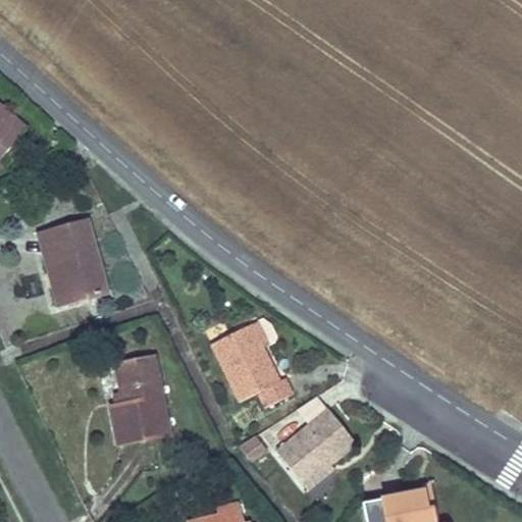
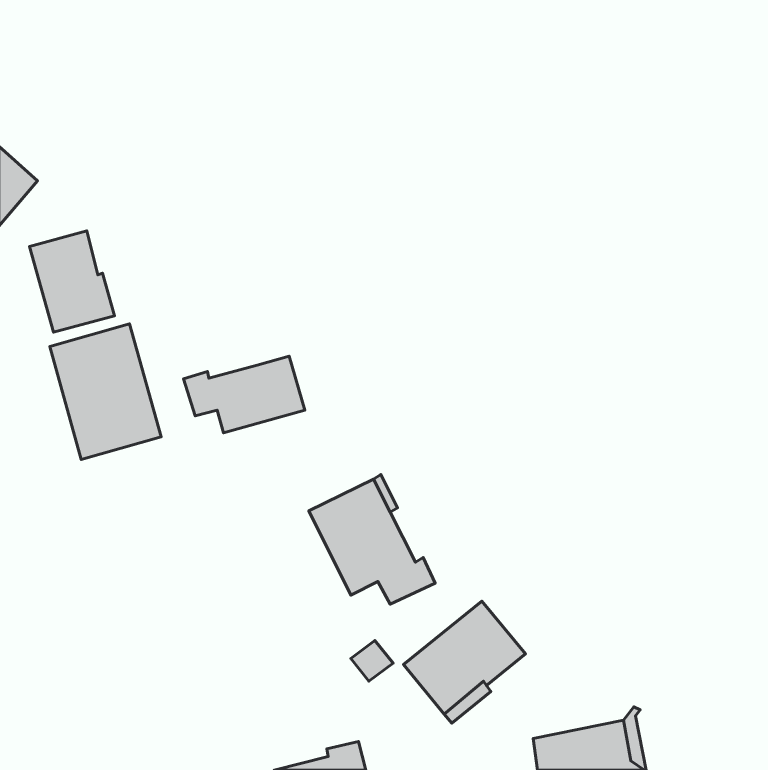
building: none -> [30,231,115,332]
building: none -> [183,356,305,433]
building: [107,352,173,447] -> none

